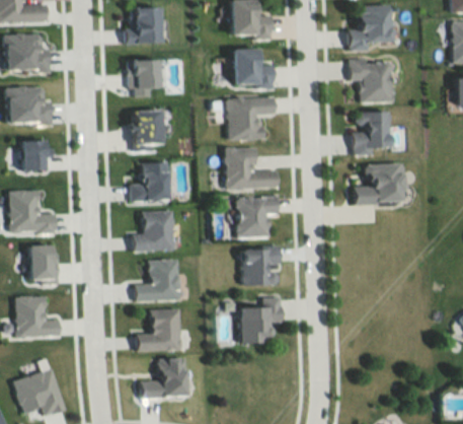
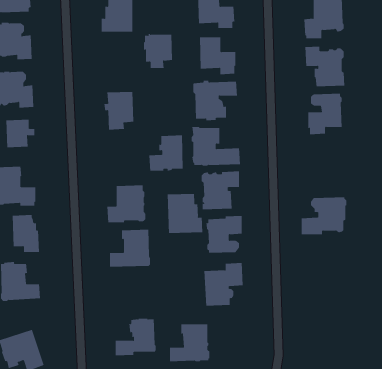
building: [127,58,159,96] -> [143,33,173,69]
building: [130,162,168,202] -> [148,135,184,171]
building: [354,163,404,205] -> [301,197,347,235]
building: none -> [167,193,203,234]
building: [137,309,181,351] -> [169,324,210,362]

